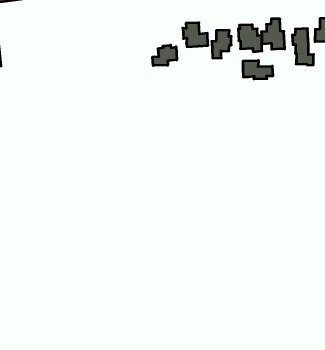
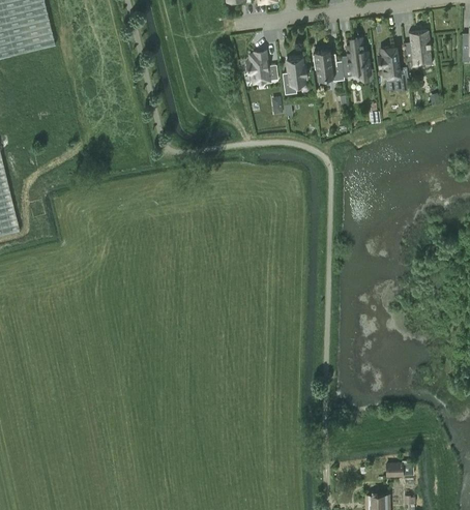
building: [153,45,177,66] -> none
building: [243,60,273,79] -> none

